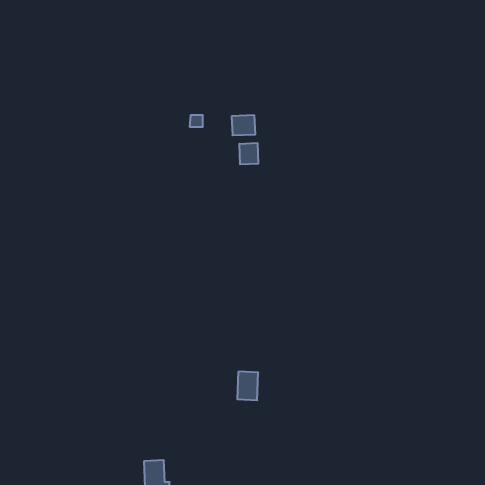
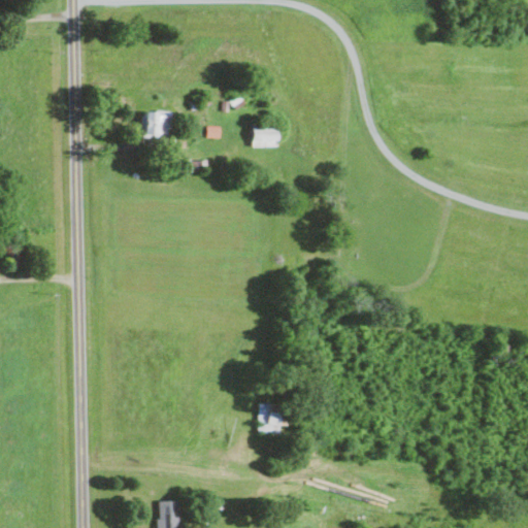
building: none -> [143,112,171,137]
building: [239,143,258,164] -> none

